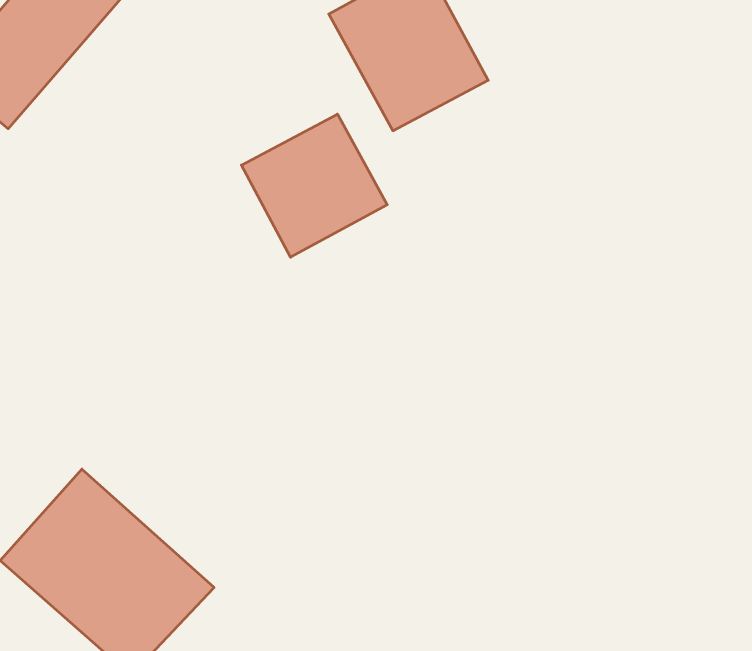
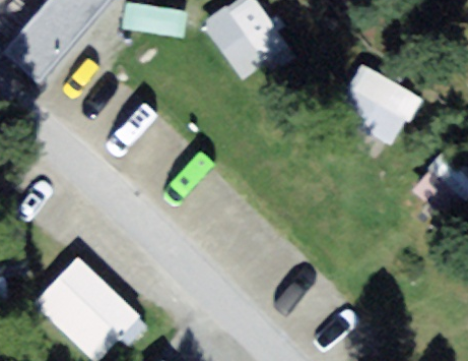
building: none -> [337,66,421,146]
building: [241,114,387,257] -> none

